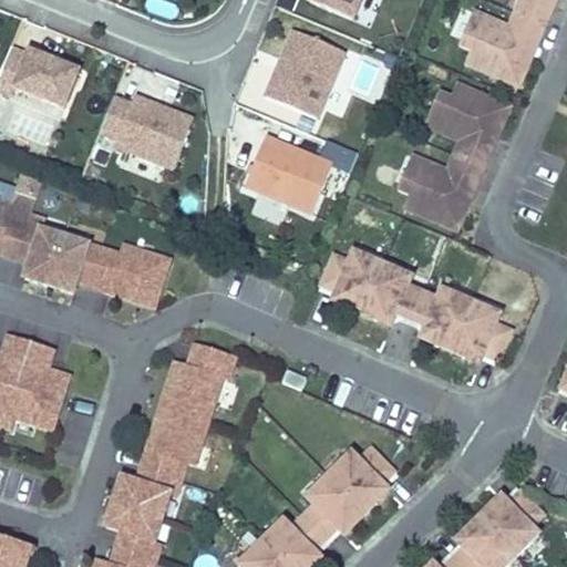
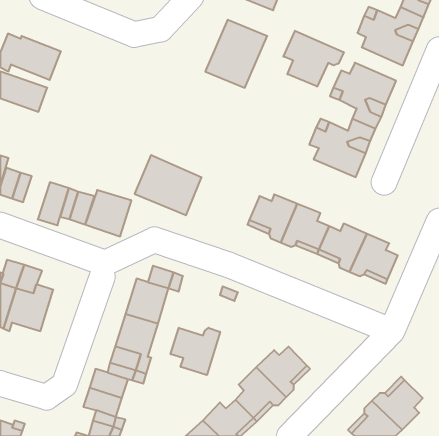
building: none -> [283,31,344,87]
building: [96,91,189,164] -> none
building: [245,131,331,208] -> [135,155,202,215]
building: [25,227,64,282] -> none
building: none -> [171,328,220,375]

